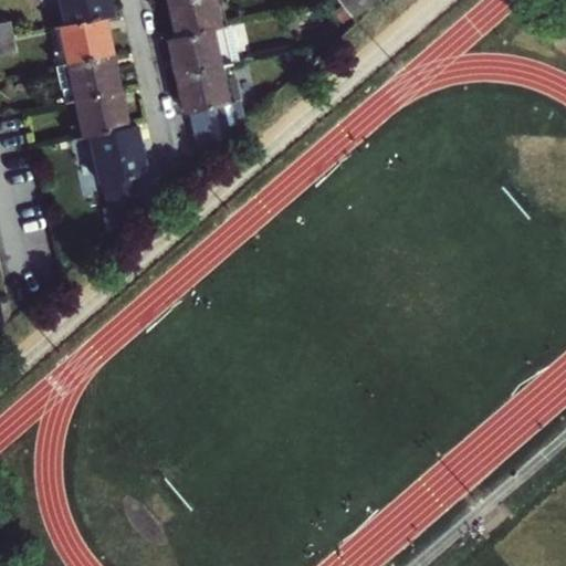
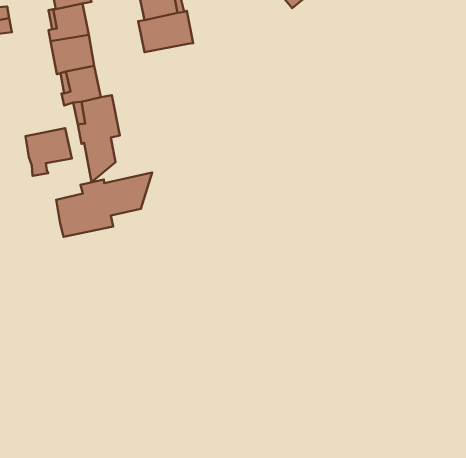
building: [175,53,231,142] -> none
building: none -> [25,128,72,176]
building: none -> [56,172,152,237]

